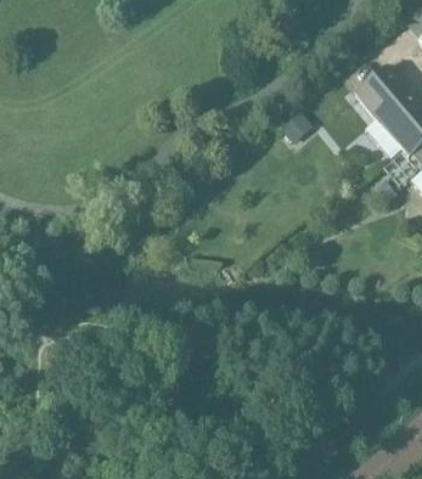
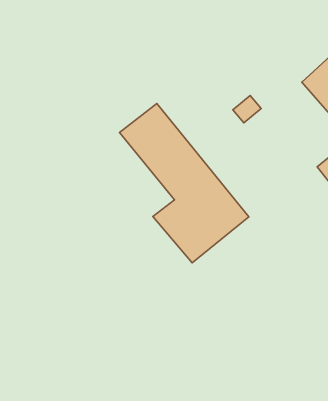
building: none -> [119,103,249,263]

